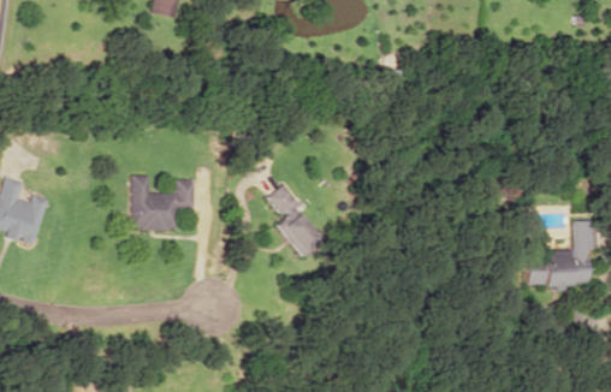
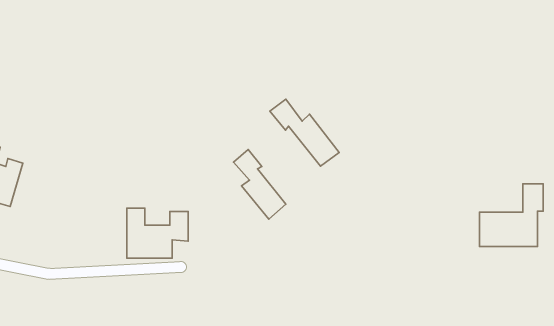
building: none -> [270,99,339,166]
building: [131,176,196,228] -> [127,208,188,258]

